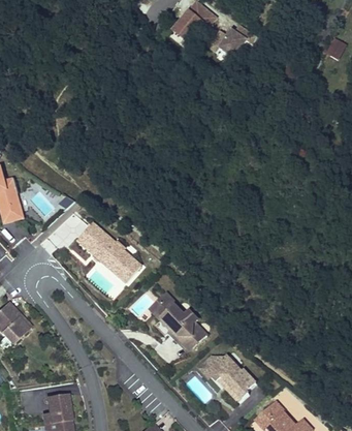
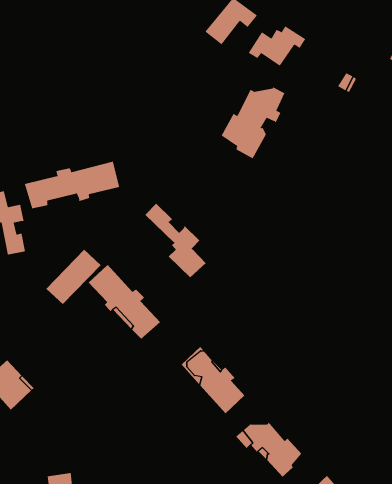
building: none -> [221,86,285,159]
building: none -> [24,161,120,209]
building: none -> [145,203,207,278]

